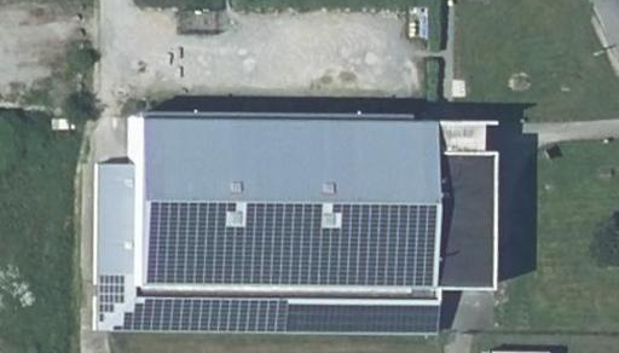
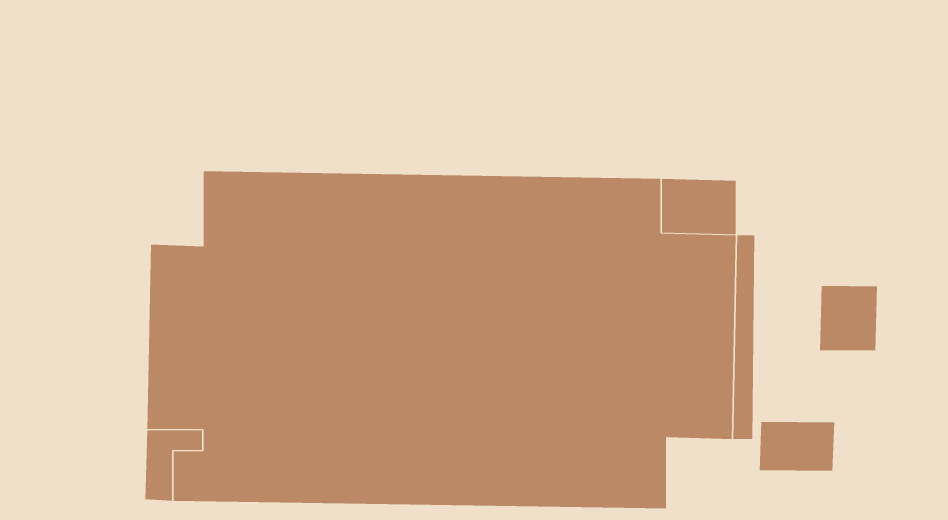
building: none -> [819,285,878,351]
building: none -> [759,421,835,472]

